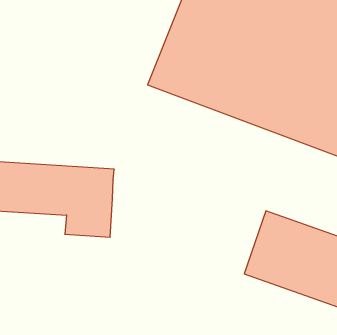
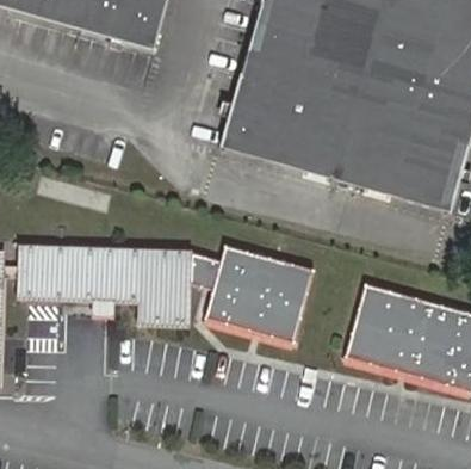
building: none -> [190,241,314,337]

